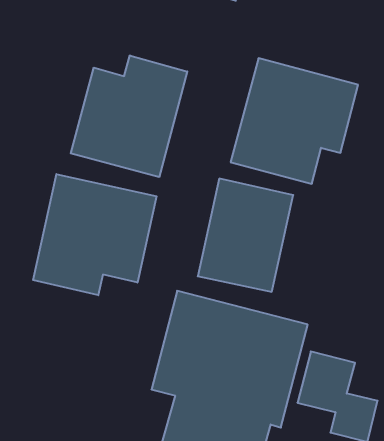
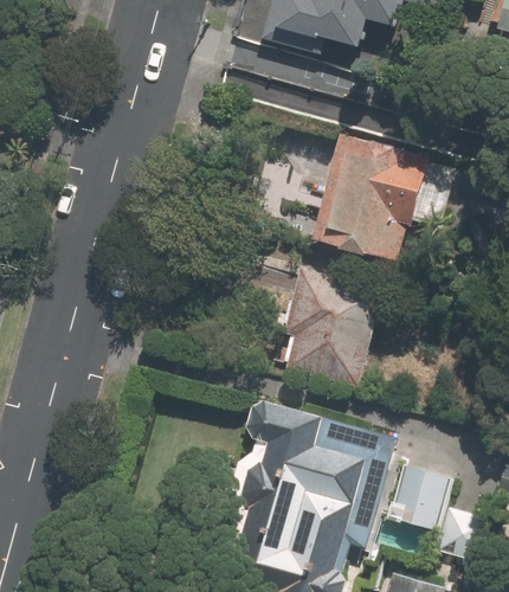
building: [71,55,187,177] -> none
building: [33,174,157,295] -> none

